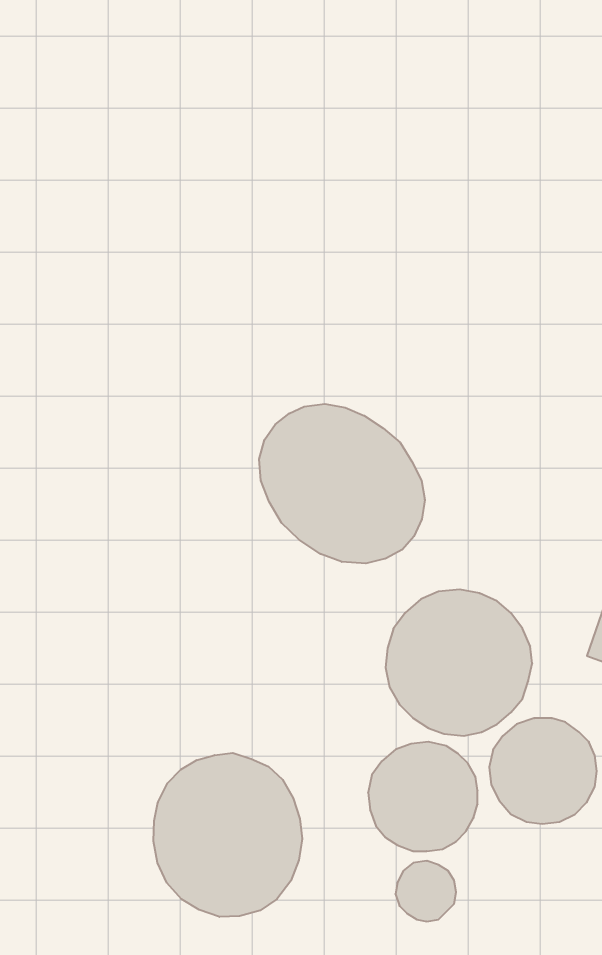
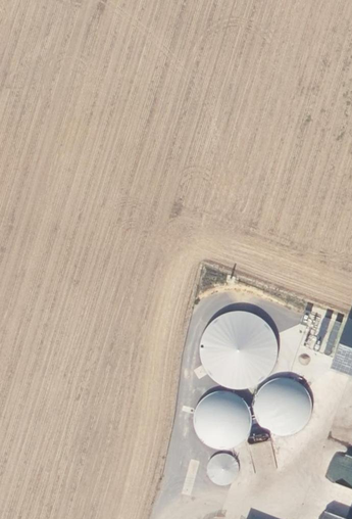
building: [259,404,425,563] -> none
building: [153,753,302,917] -> none

